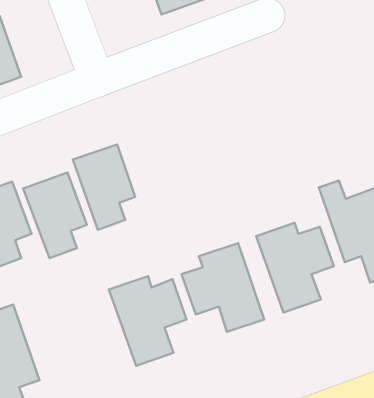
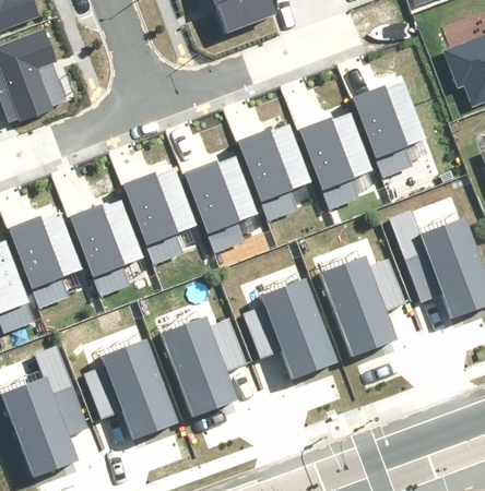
building: none -> [352,85,421,179]
building: none -> [300,112,369,206]
building: none -> [240,130,309,223]
building: none -> [185,157,253,250]
building: none -> [84,338,175,435]

